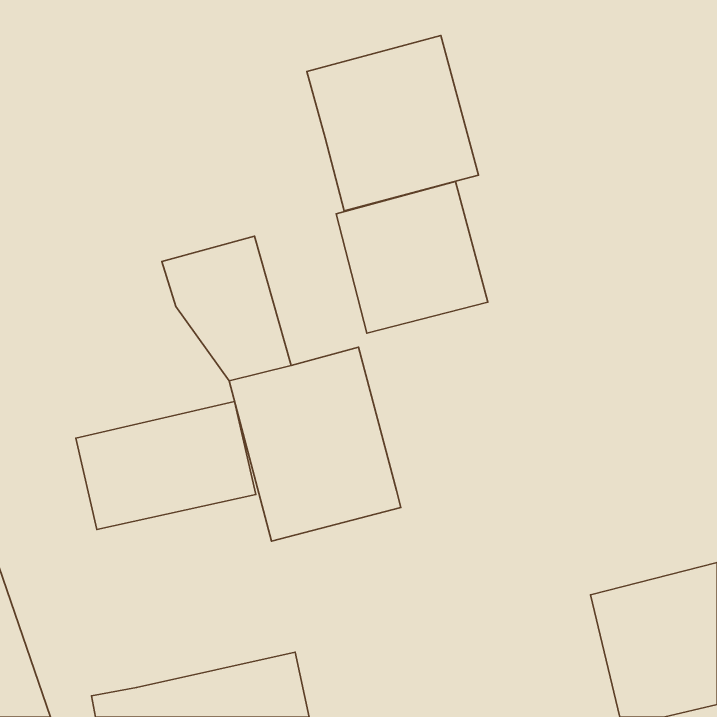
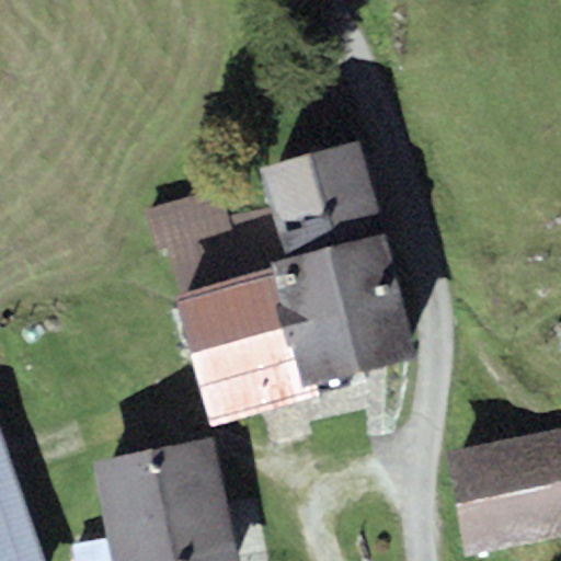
building: [307,36,478,211] -> none
building: none -> [277,236,412,382]
building: [76,402,256,530] -> [90,436,230,536]

